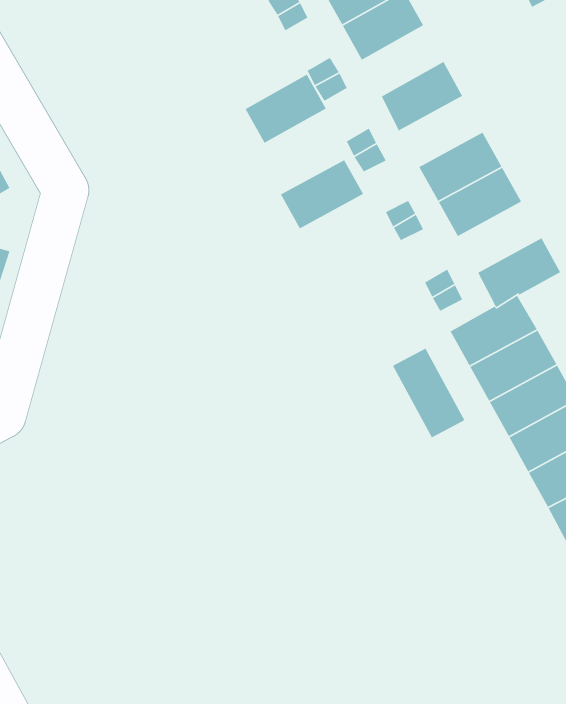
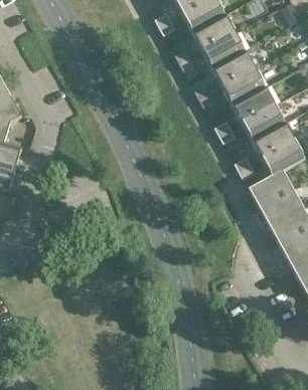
building: [244,73,327,144] -> [202,32,245,68]
building: [280,159,364,230] -> [221,68,265,105]
building: none -> [252,123,295,159]
building: [392,347,465,439] -> none

